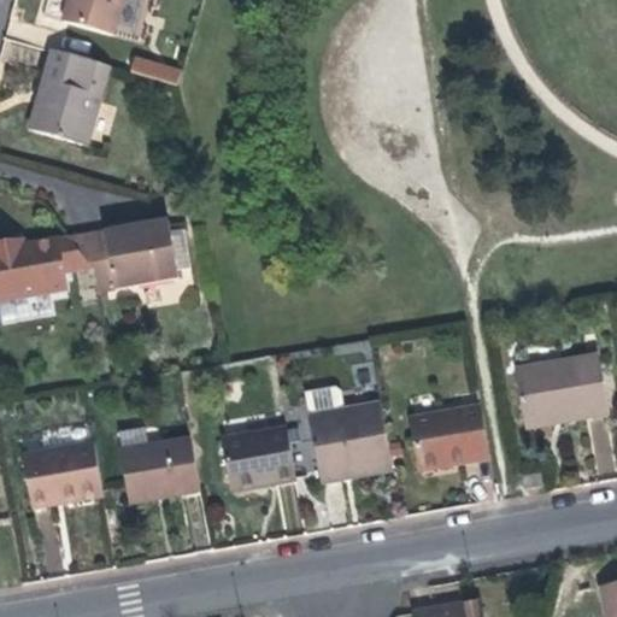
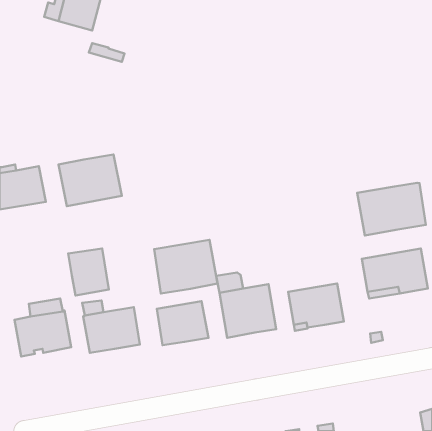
building: [36,53,108,134] -> none
building: none -> [357,183,426,235]
building: none -> [154,240,217,293]
building: none -> [68,248,109,295]

